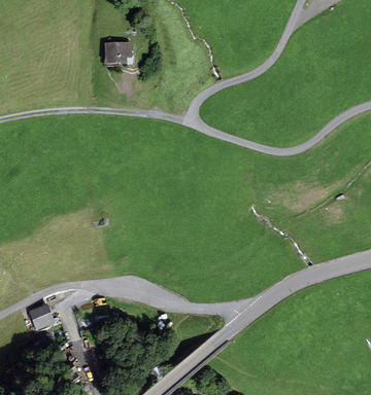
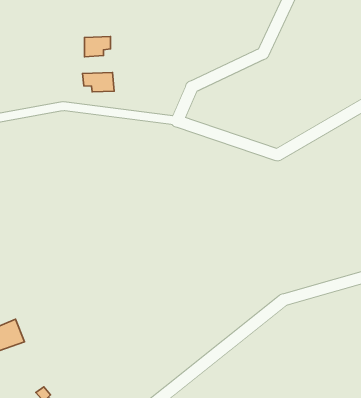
building: none -> [83,72,114,92]

